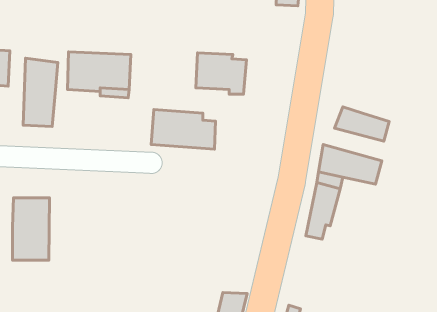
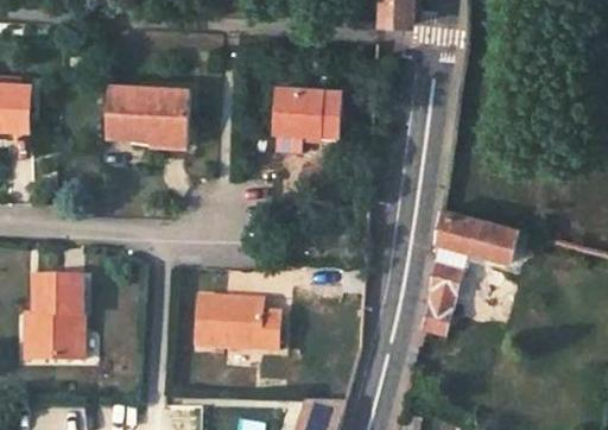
building: [23,58,58,127] -> none
building: [335,107,389,141] -> none
building: [151,109,215,149] -> [194,301,278,353]

